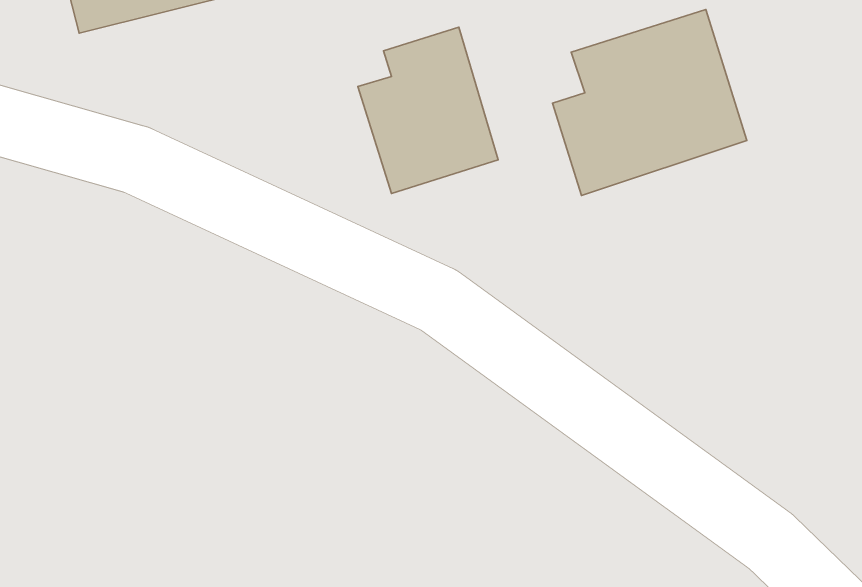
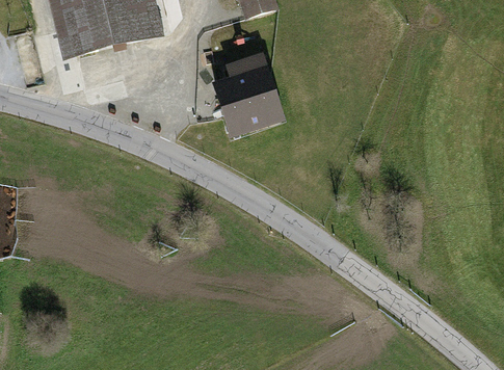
building: [553,10,747,195] -> none

